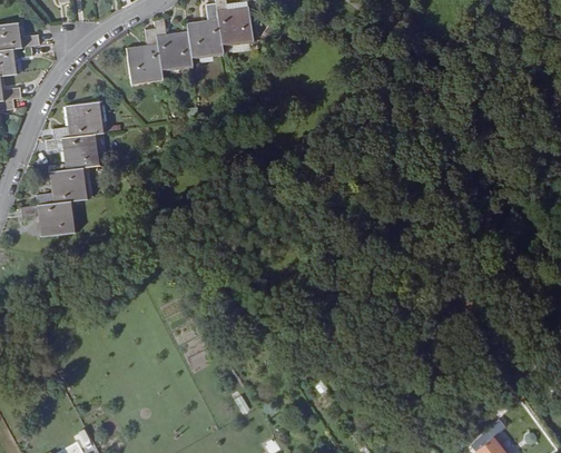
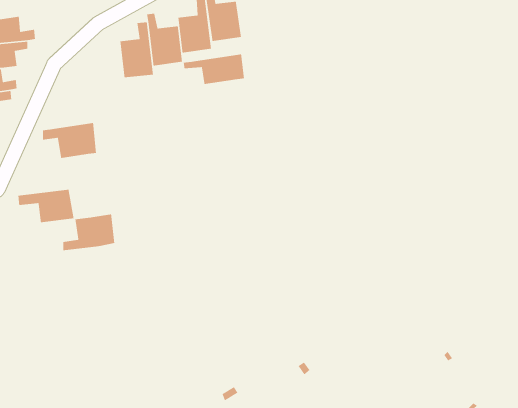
building: none -> [183,54,245,85]
building: [51,99,107,137] -> none
building: [36,165,90,204] -> [63,214,115,251]

